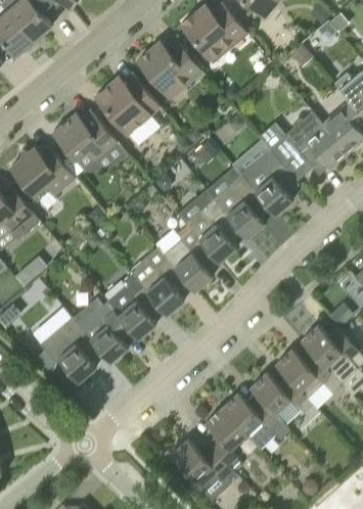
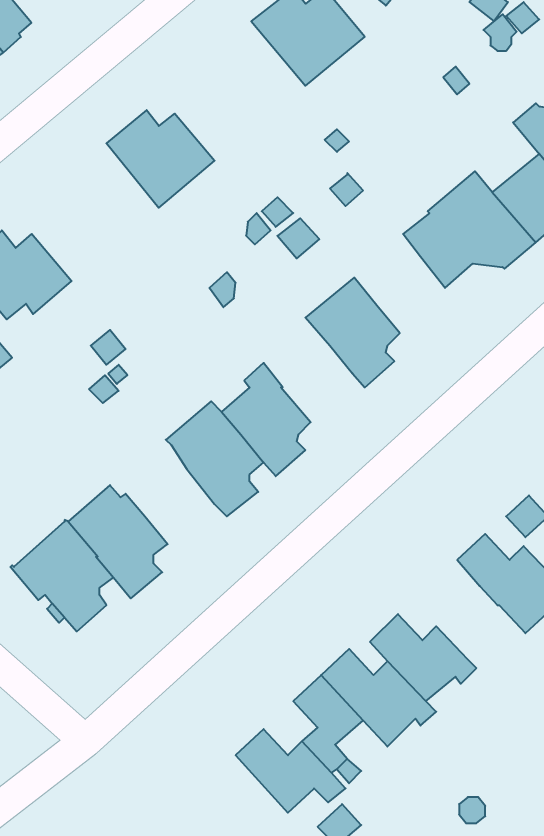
building: [137,42,201,99] -> none
building: [52,113,117,160] -> none
building: [240,149,297,216] -> none
building: [184,198,239,263] -> none
building: [106,273,158,339] -> none
building: [275,349,341,399] -> none

